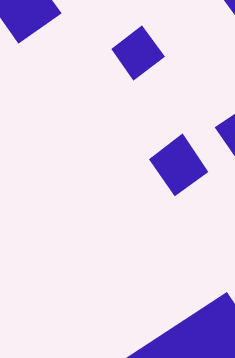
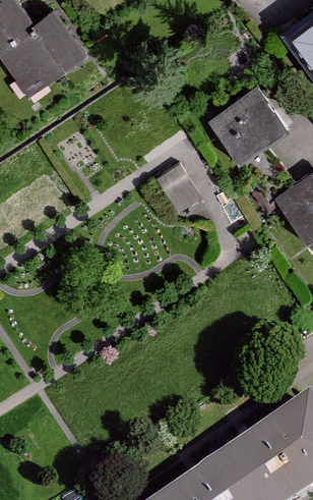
building: [110,24,166,82] -> [217,86,289,159]
building: [148,132,210,197] -> none

